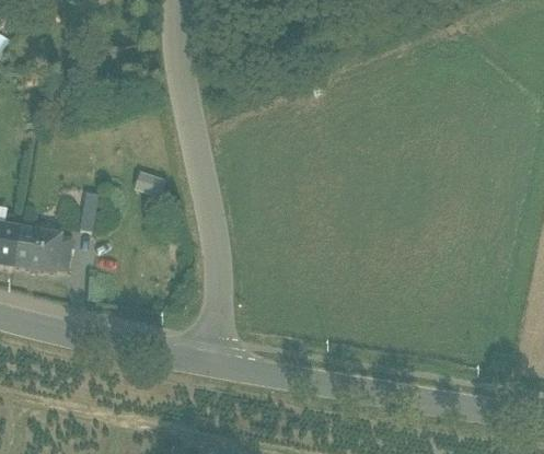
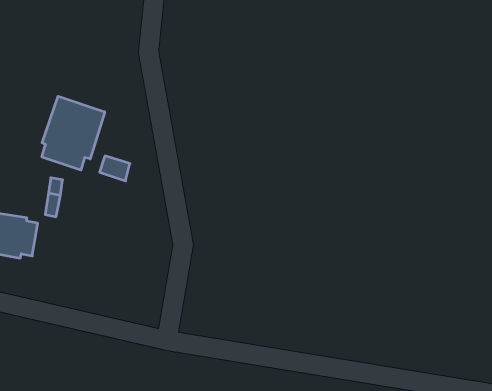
building: none -> [42,96,105,170]

